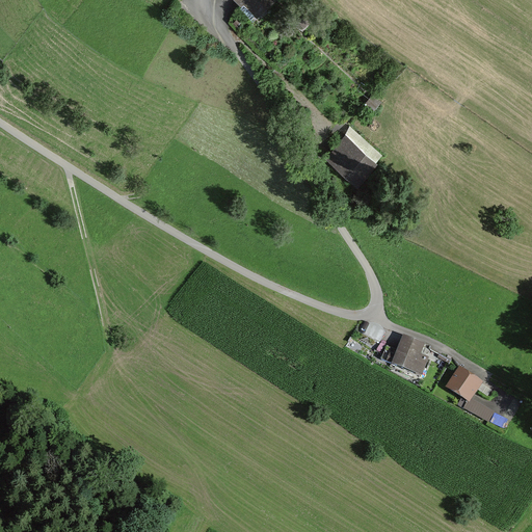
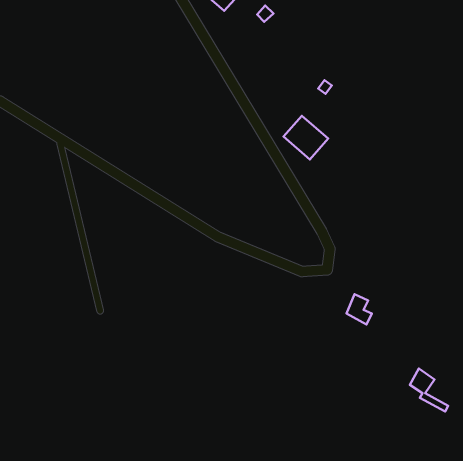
building: [451,368,495,417] -> [410,369,448,411]

